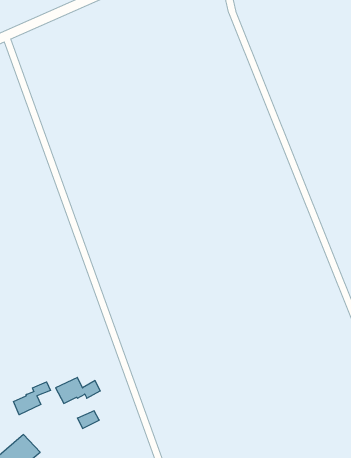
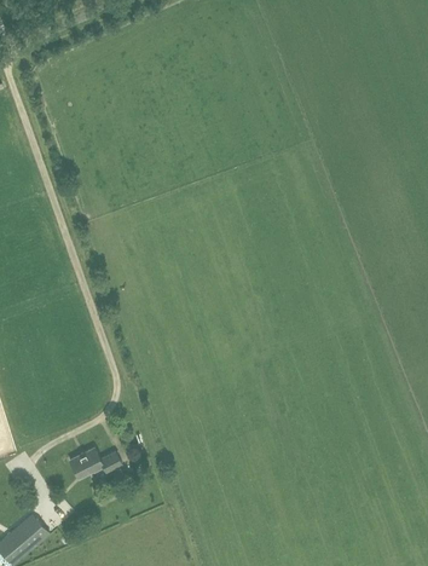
building: [14,382,50,415] -> none

